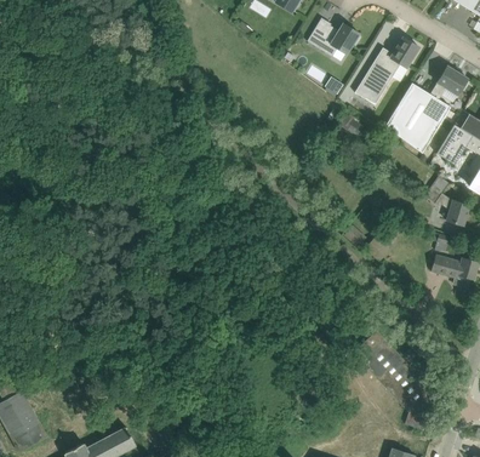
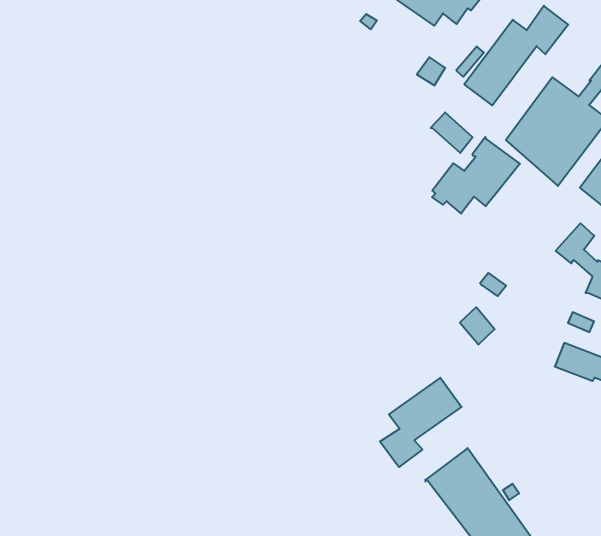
building: none -> [432,137,520,214]
building: none -> [380,378,462,467]

